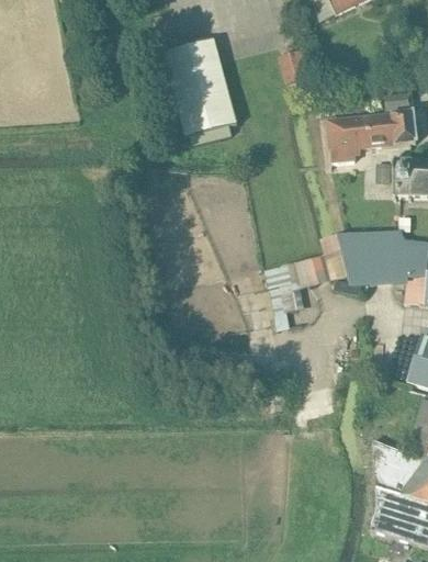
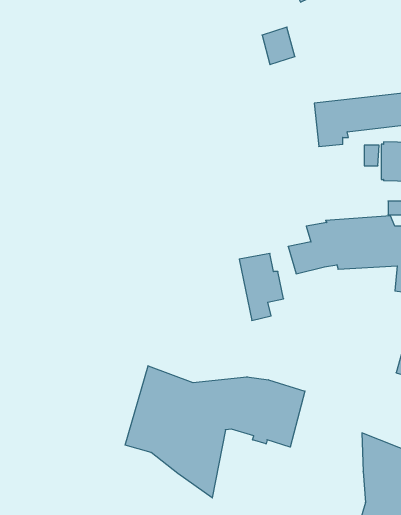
building: [162,38,236,145] -> none
building: none -> [125,366,305,498]

